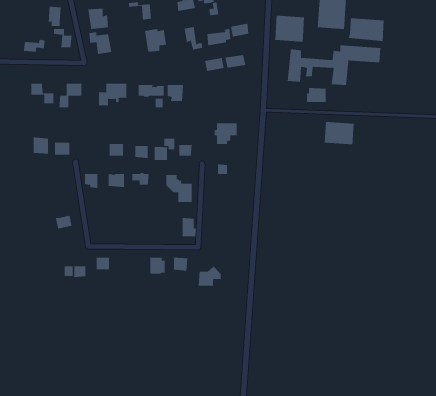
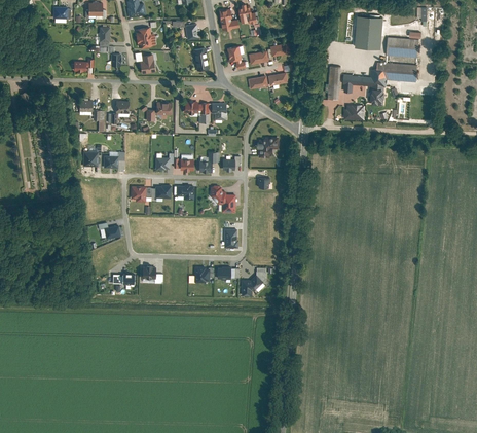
building: [275,15,305,42] -> none
building: [324,121,354,145] -> none

